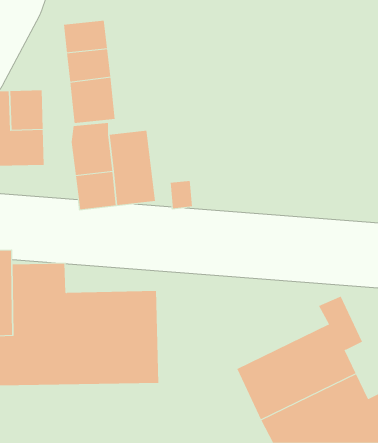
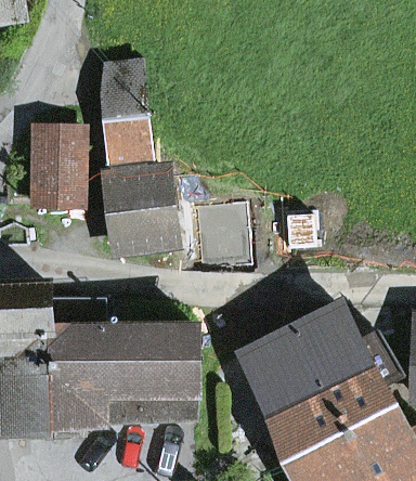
building: none -> [248,310,365,406]

